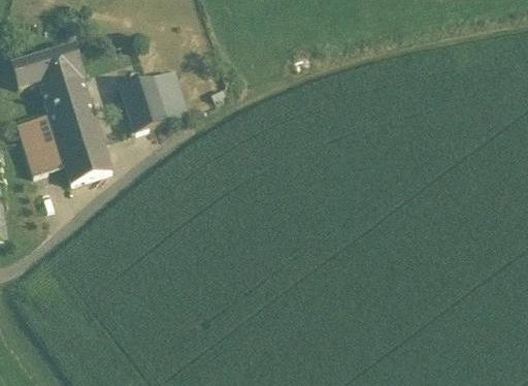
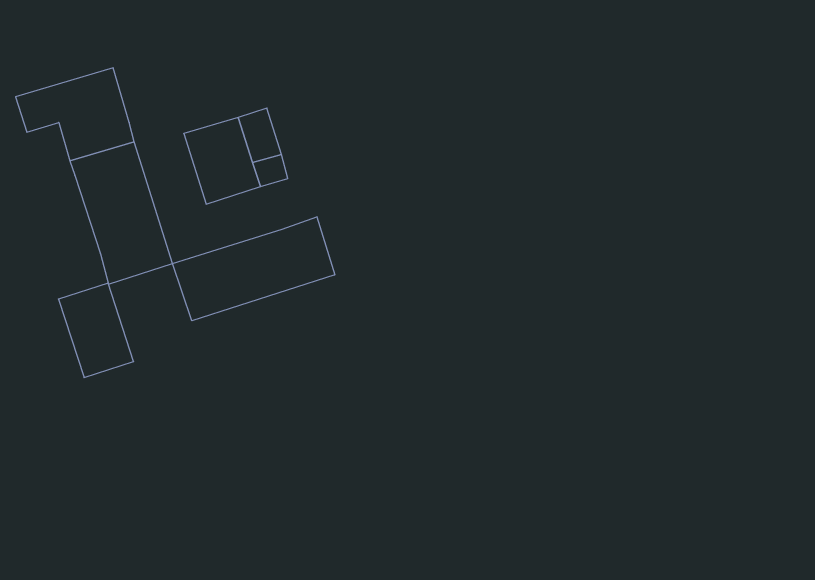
building: [18,115,66,175] -> [58,283,134,378]
building: none -> [172,217,335,321]

